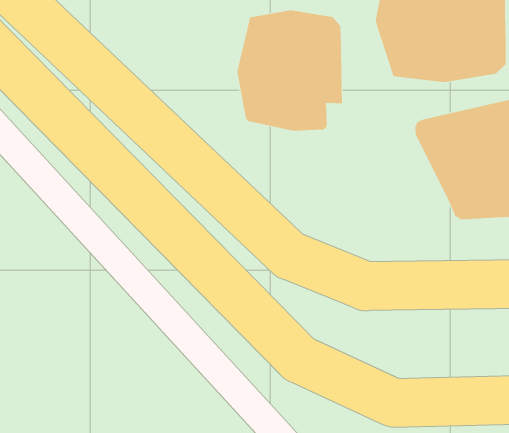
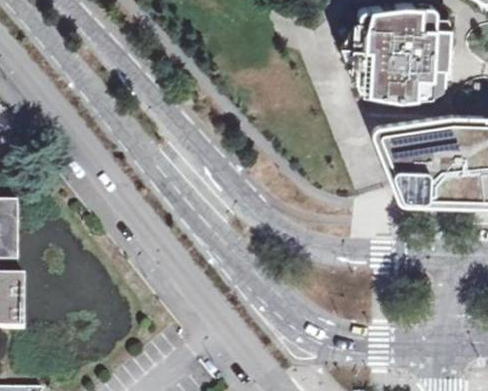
building: [237,10,342,132] -> none

